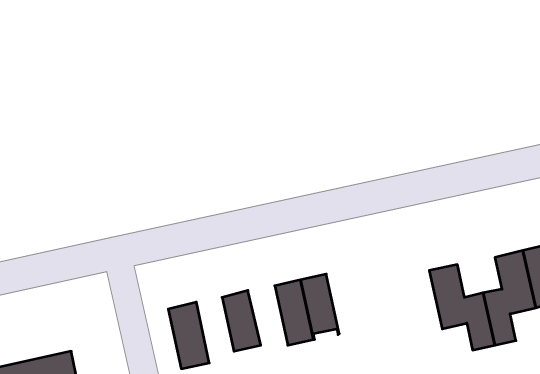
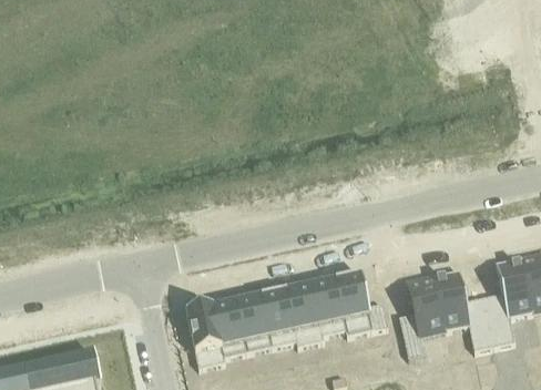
building: none -> [335,270,387,332]
building: none -> [398,273,445,356]
building: none -> [261,287,298,343]
building: none -> [212,298,247,360]

